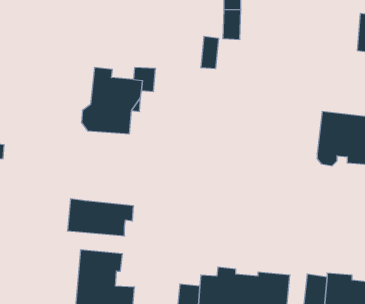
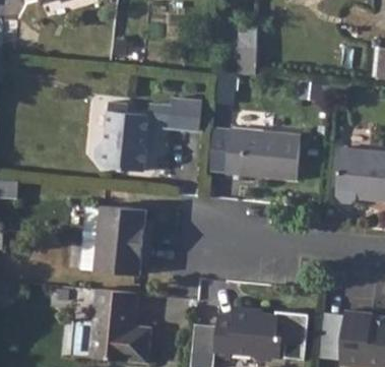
building: none -> [169,98,200,131]
building: none -> [226,129,299,180]
building: none -> [83,207,150,244]

